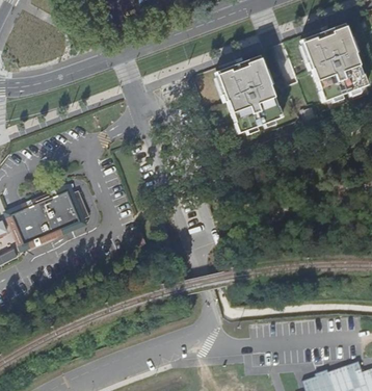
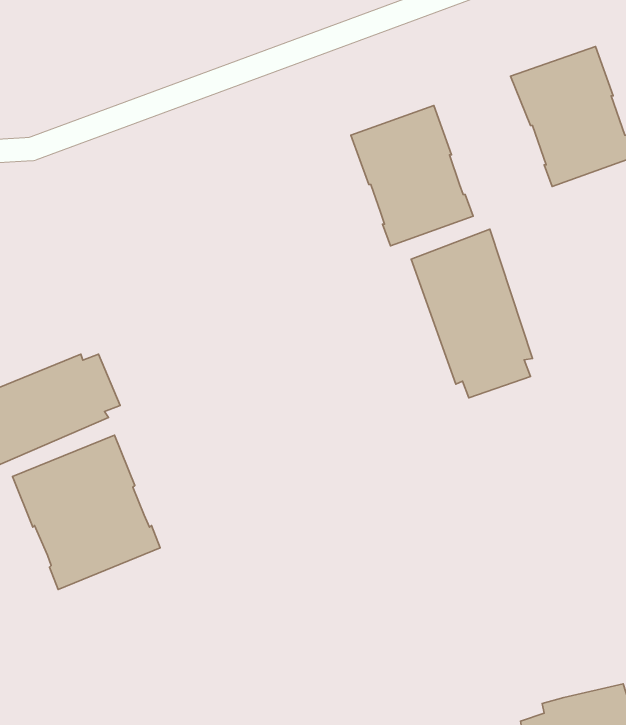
building: none -> [411,229,532,398]
building: none -> [12,435,160,589]

